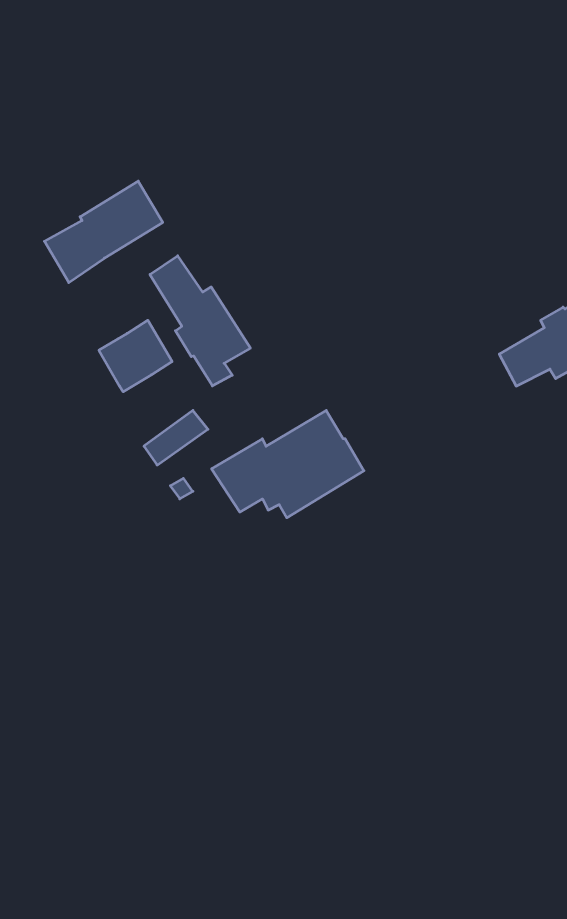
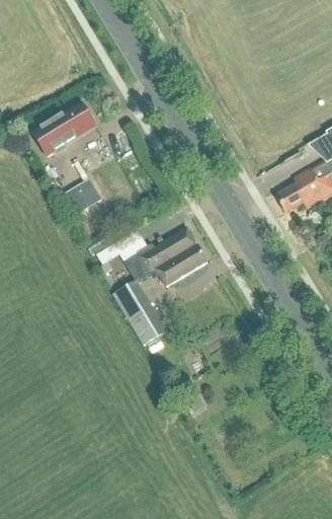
building: [150,256,250,386] -> none
building: none -> [112,279,168,345]

